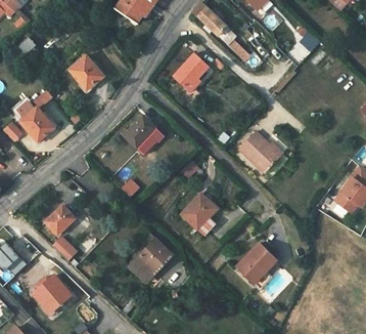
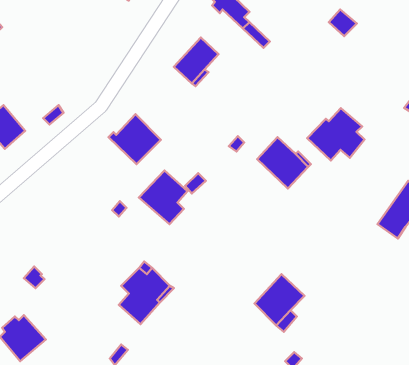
building: [70,54,105,89] -> none
building: none -> [307,108,365,160]
building: [181,192,220,235] -> [139,171,188,224]
building: [45,204,75,234] -> none

